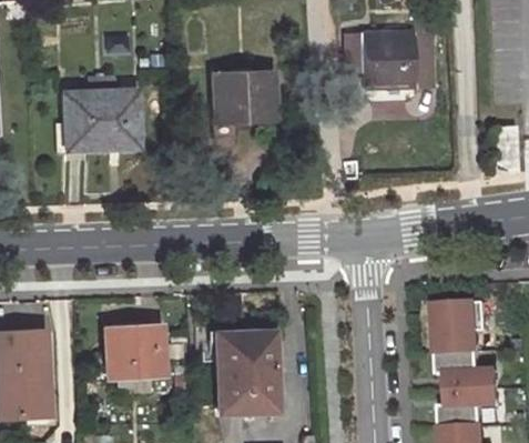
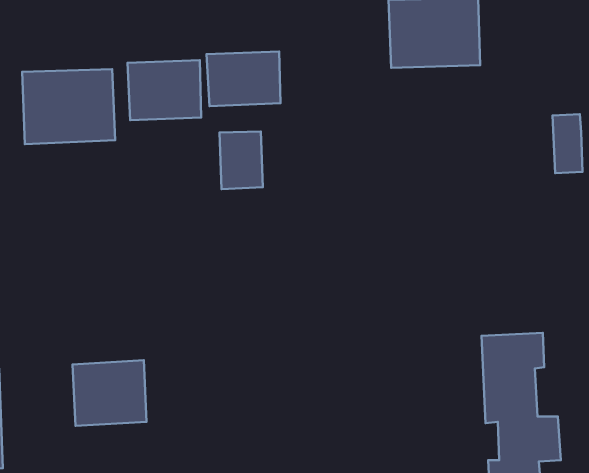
building: none -> [127,60,201,120]
building: none -> [219,132,263,189]
building: [199,336,273,406] -> none

